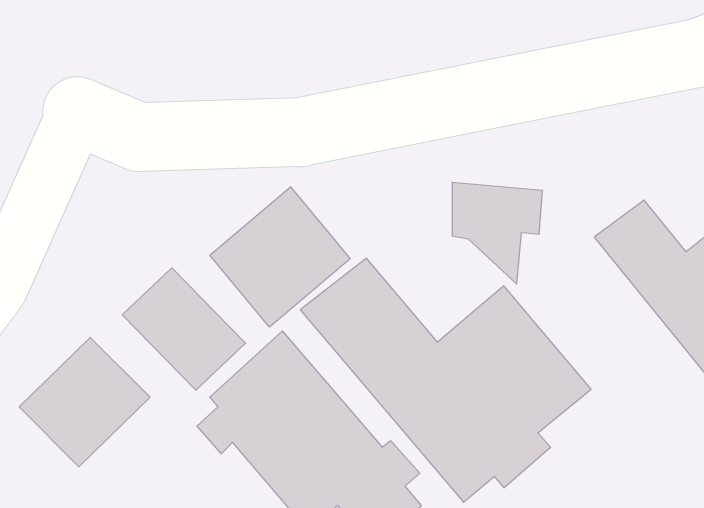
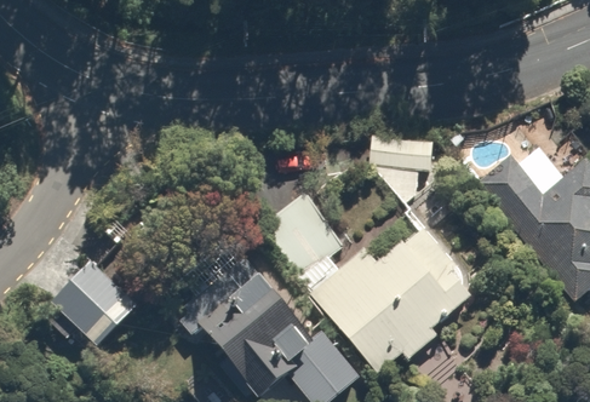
building: [210,187,350,327] -> none
building: [122,268,246,390] -> none

